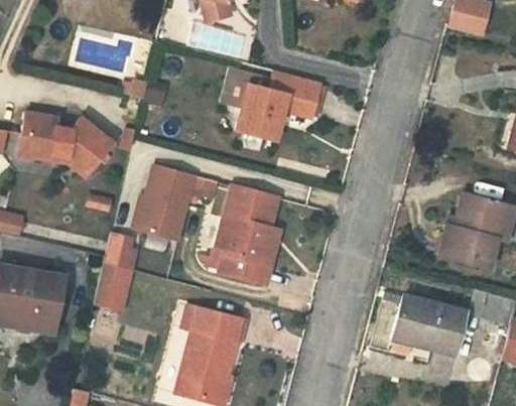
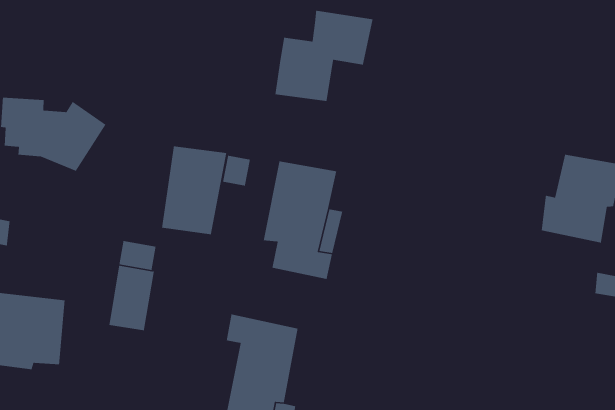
building: [233,69,275,106] -> none
building: [395,297,463,354] -> none

